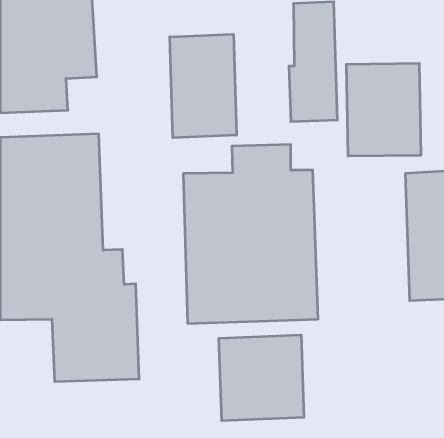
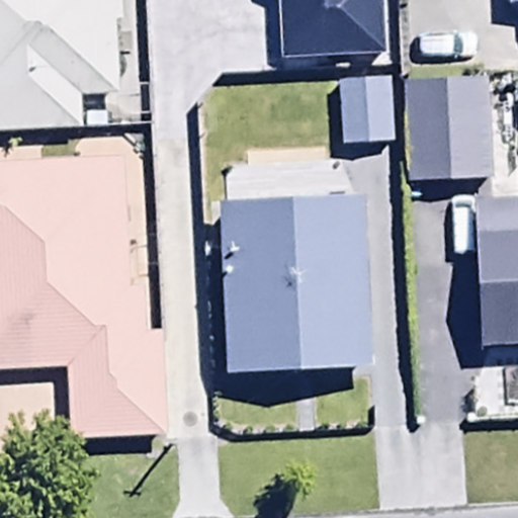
building: [170,34,236,138] -> none
building: [219,335,304,421] -> none

